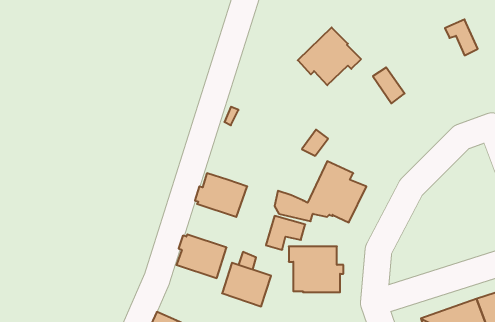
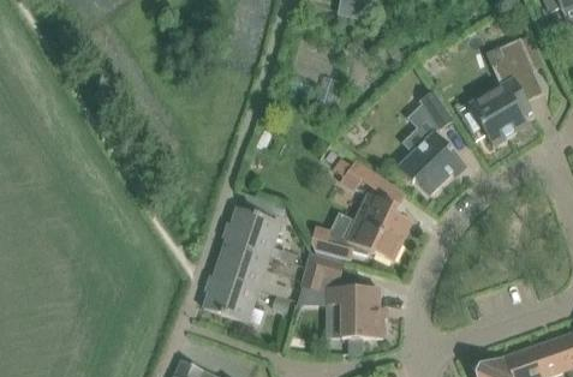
building: [298,27,361,85] -> [396,131,466,195]
building: none -> [468,78,530,144]
building: [222,263,271,306] -> [214,240,268,288]

